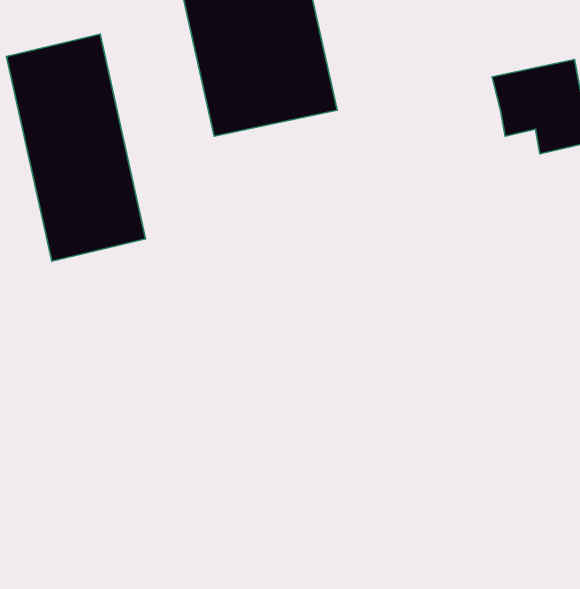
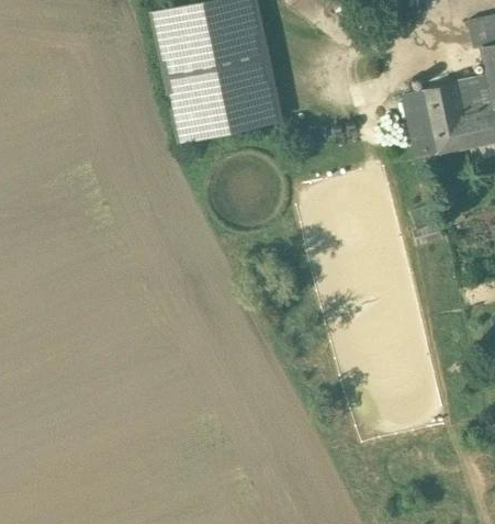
building: [6,34,146,261] -> none

